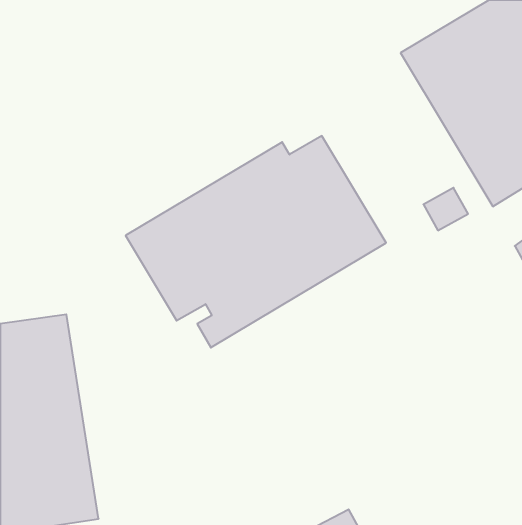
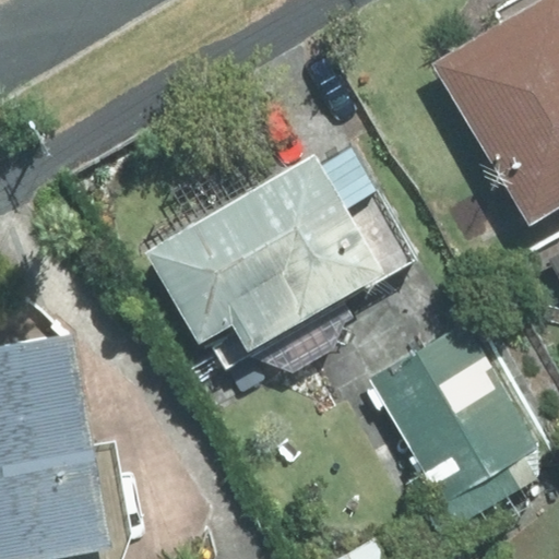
building: none -> [367,326,534,538]

